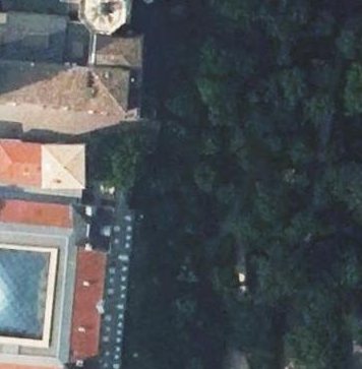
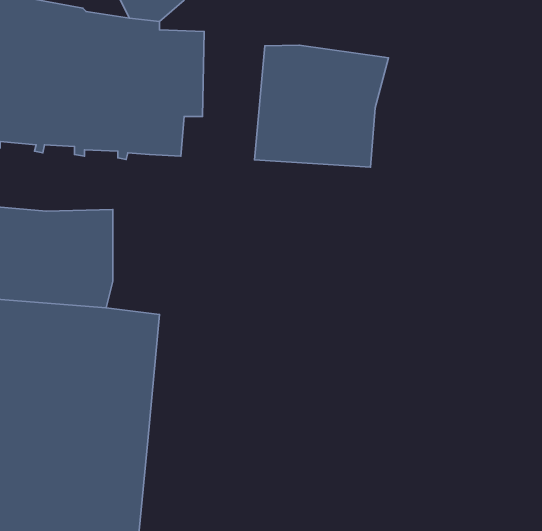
building: none -> [255,45,388,167]

